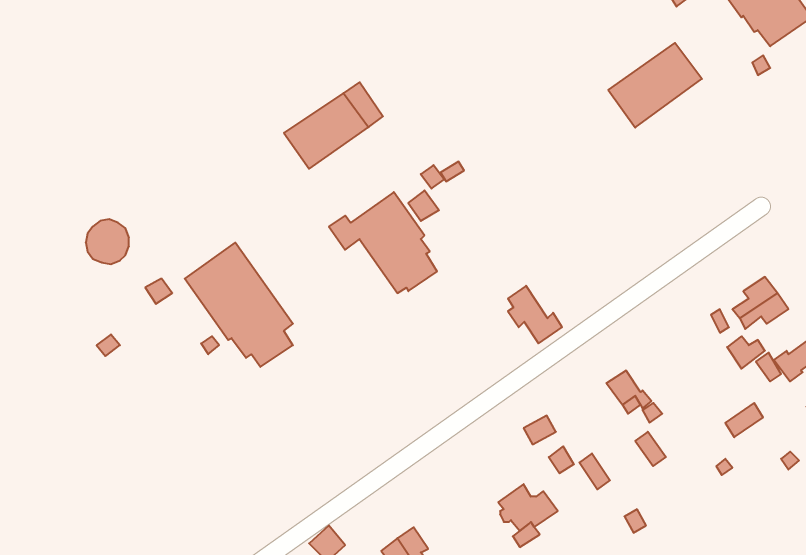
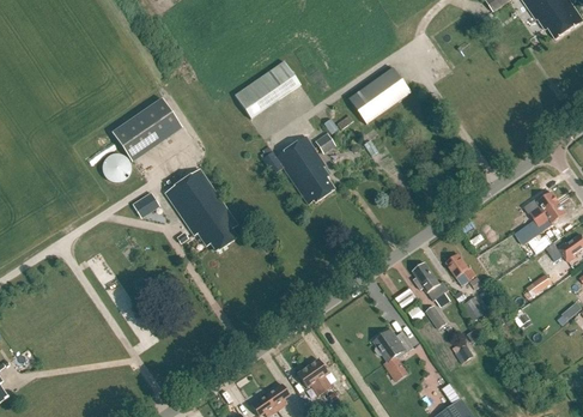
building: [608,43,702,128] -> [346,68,408,125]
building: none -> [109,96,178,158]
building: [508,286,562,343] -> [412,262,448,301]

